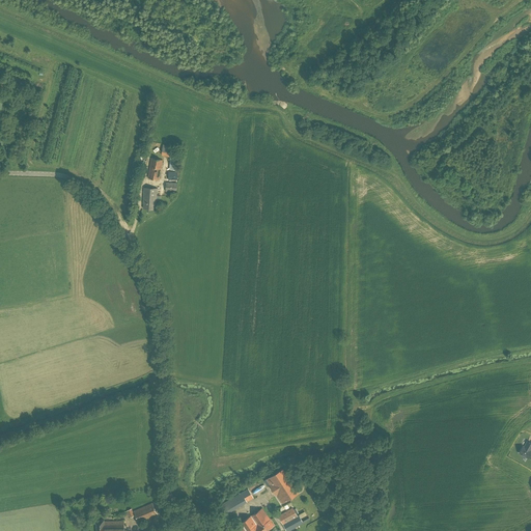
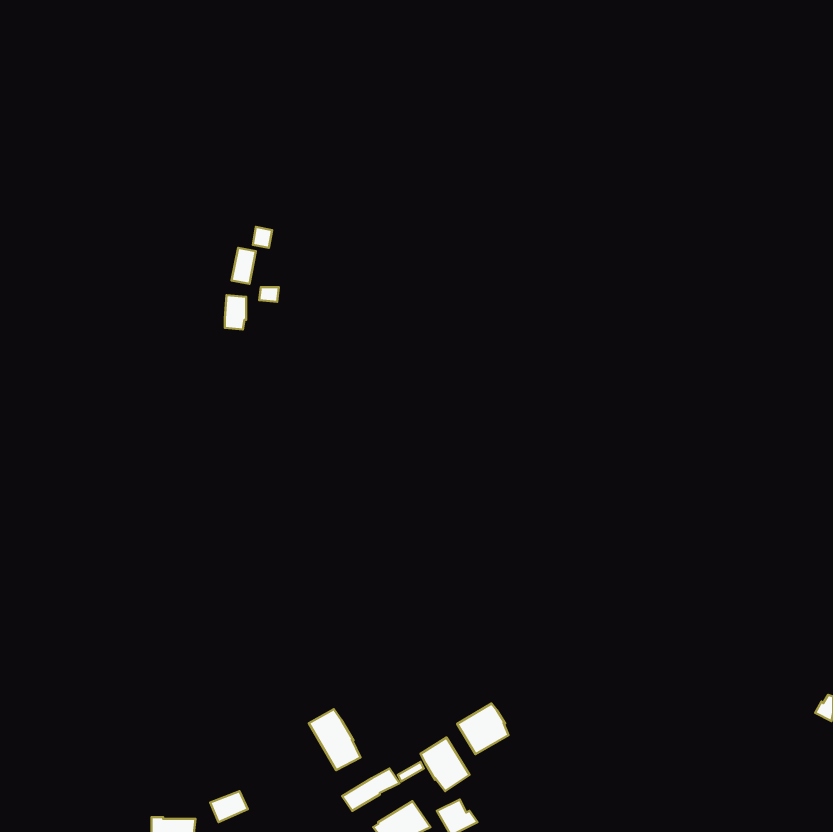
building: none -> [457,703,509,754]
building: none -> [309,709,361,770]

